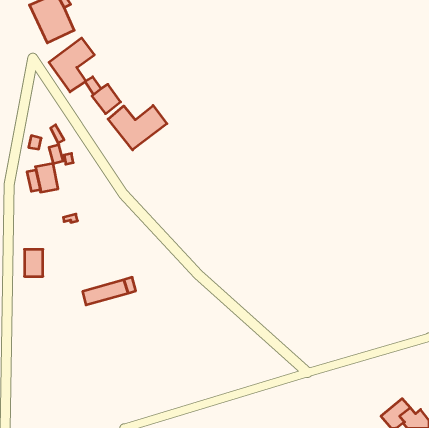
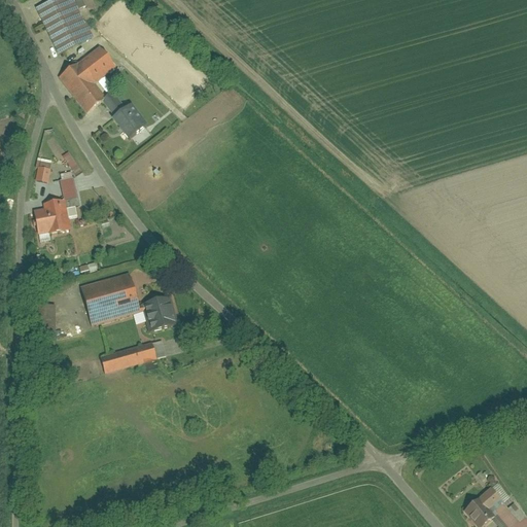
building: [108,105,167,150] -> none
building: none -> [80,272,140,324]
building: none -> [143,294,177,329]

